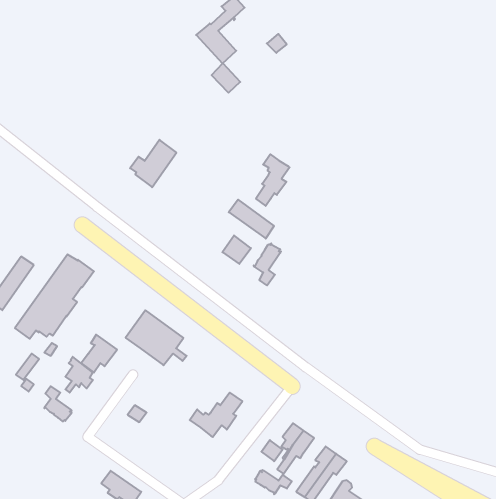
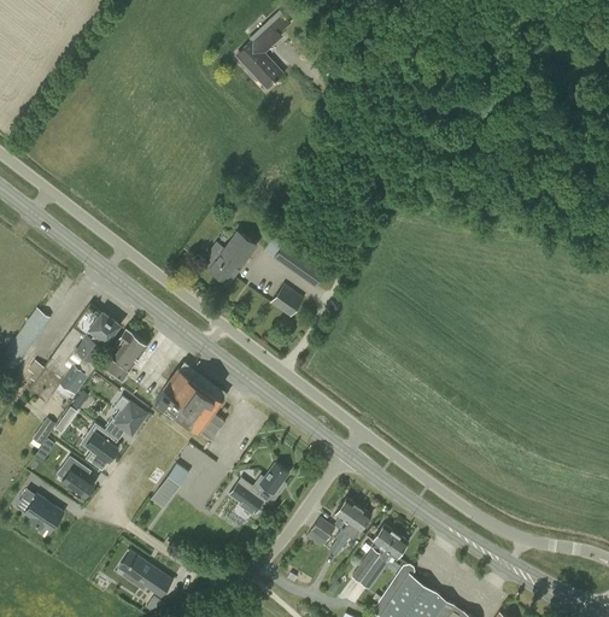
building: [212,63,240,93] -> none
building: [130,140,176,187] -> [203,231,256,286]
building: [256,154,290,206] -> none
building: [254,243,281,285] -> none
building: none -> [104,330,147,384]
building: none -> [22,489,63,531]
building: [255,470,292,494] -> none

